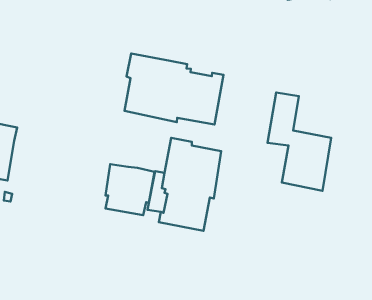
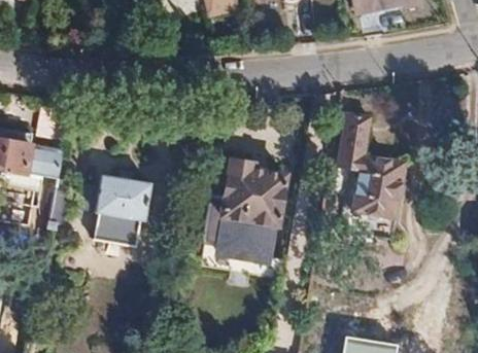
building: [124,53,224,125] -> none
building: [105,164,155,215] -> [97,178,150,234]

